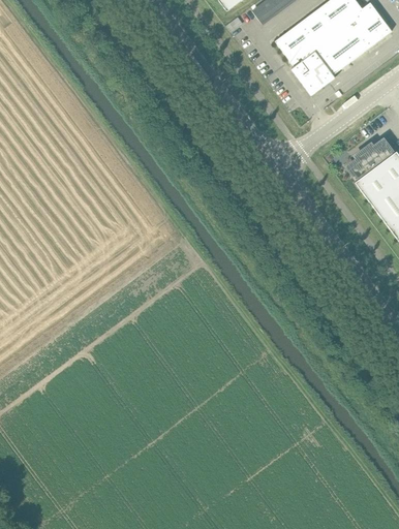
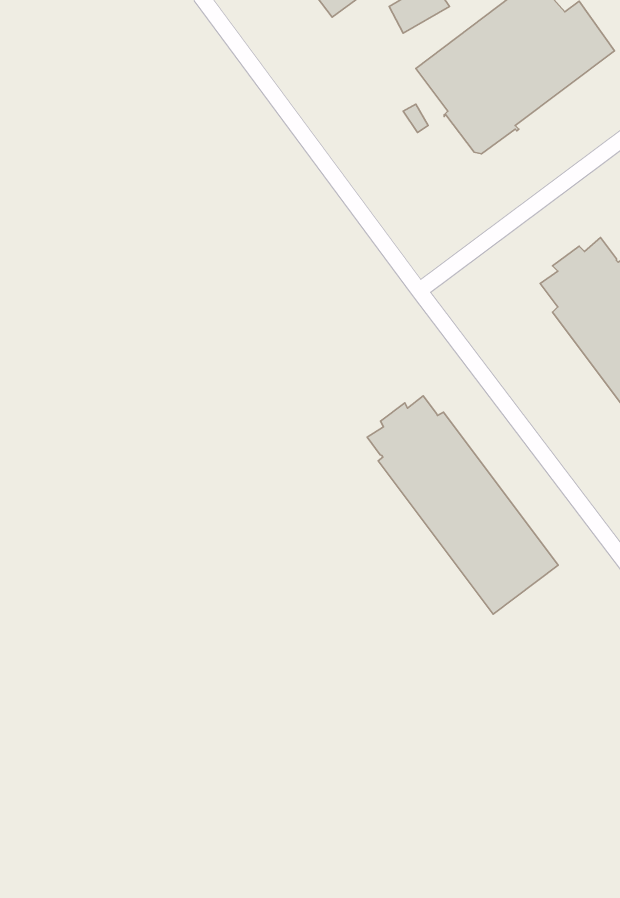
building: none -> [367,396,558,614]

